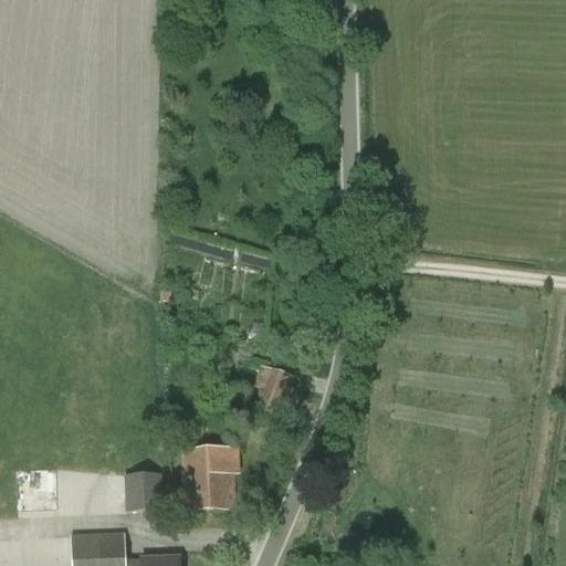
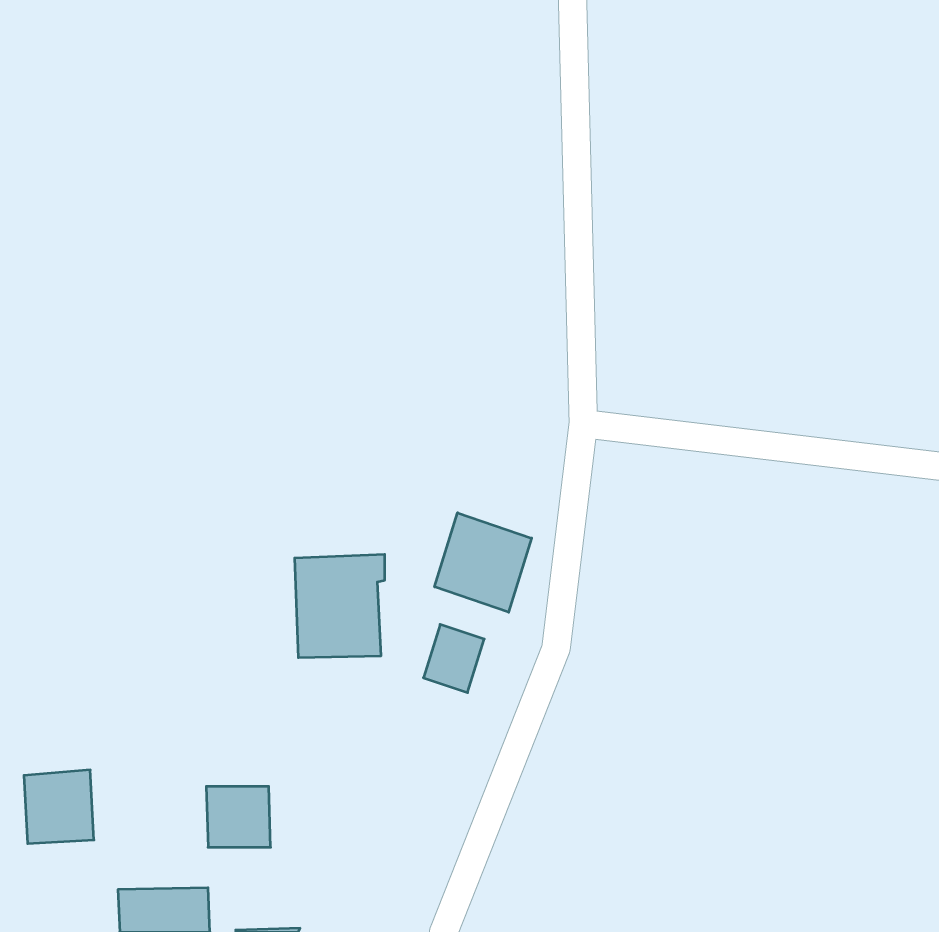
building: none -> [435,513,532,612]
building: [184,447,238,509] -> [295,554,385,658]

